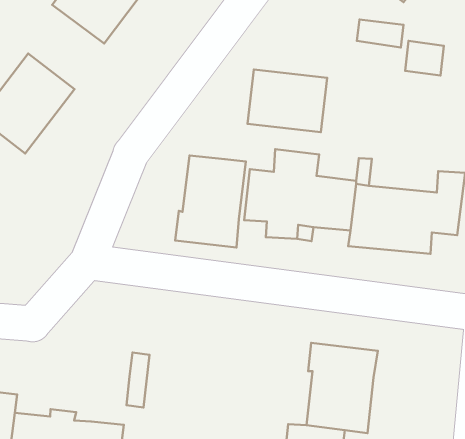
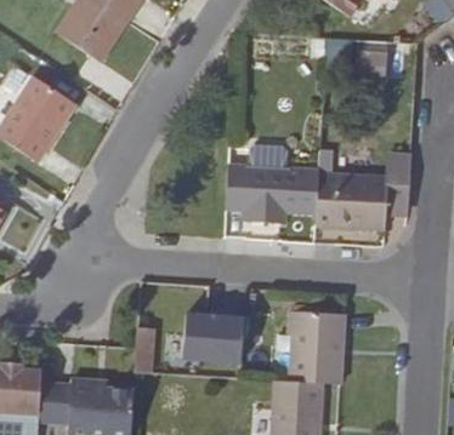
building: [248,70,327,132] -> none
building: [175,156,246,247] -> none
building: none -> [183,311,245,360]

